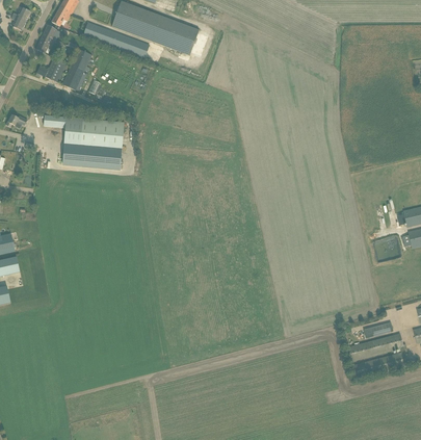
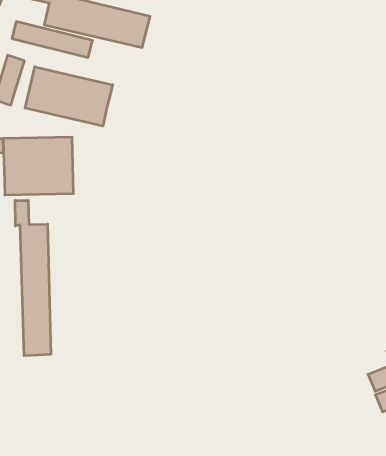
building: none -> [25,67,113,126]
building: none -> [15,200,51,356]

